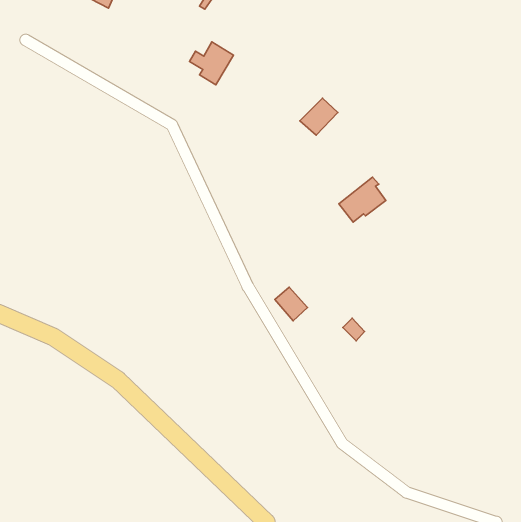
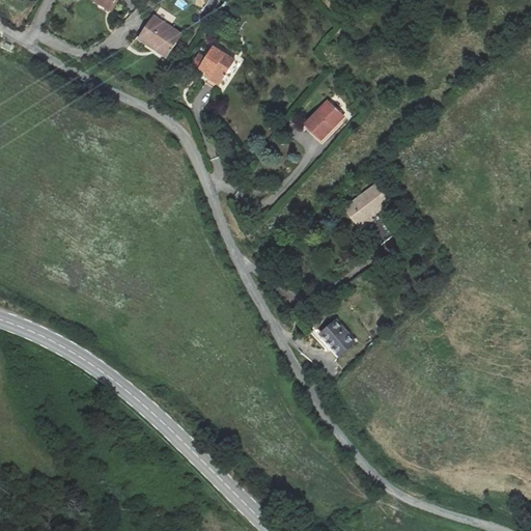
building: none -> [138,15,178,56]
building: [275,287,307,321] -> [319,320,353,355]

